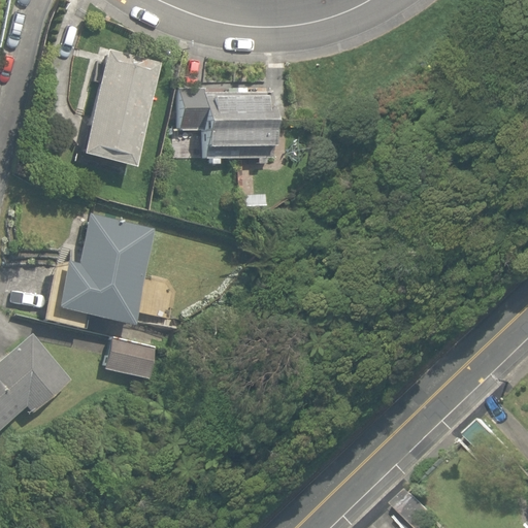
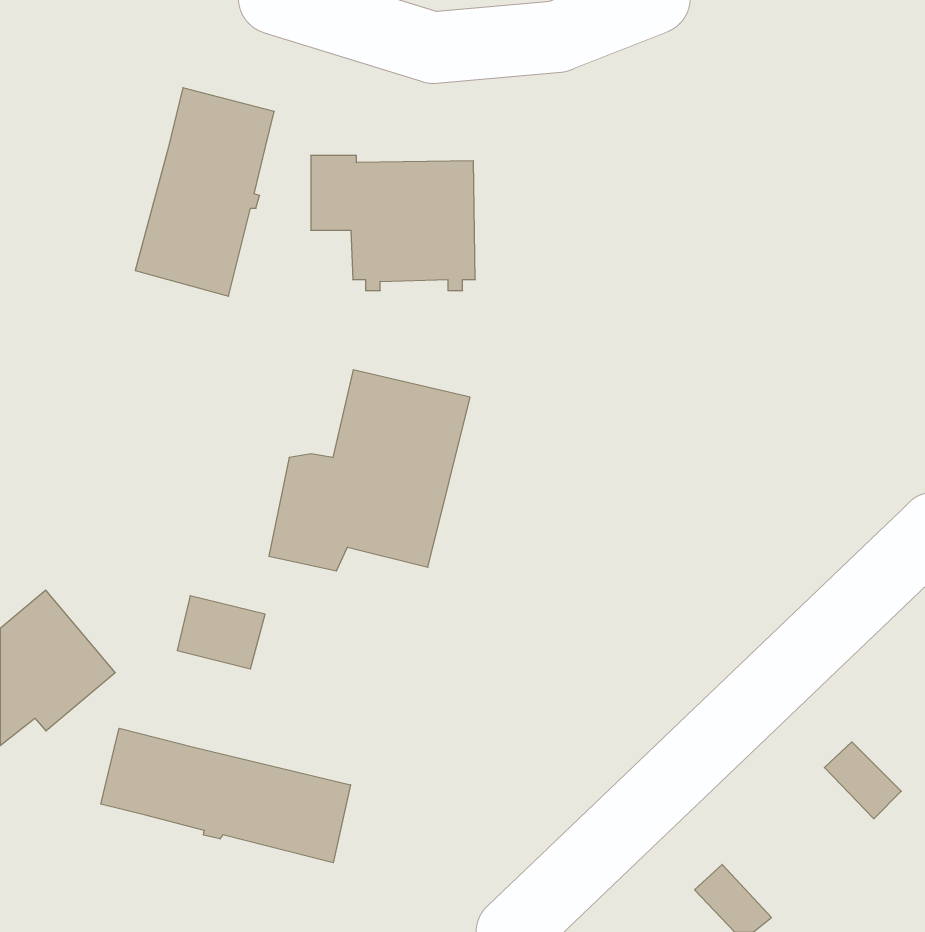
building: [42,213,156,327] -> [269,370,470,571]
building: none -> [101,728,351,863]

